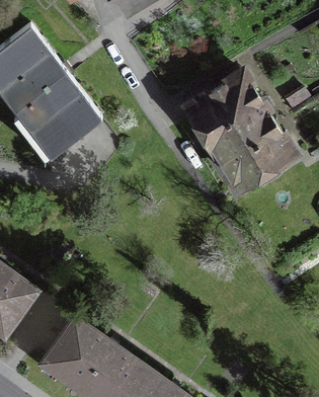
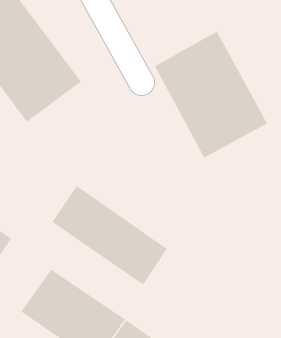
building: none -> [51,185,168,286]

